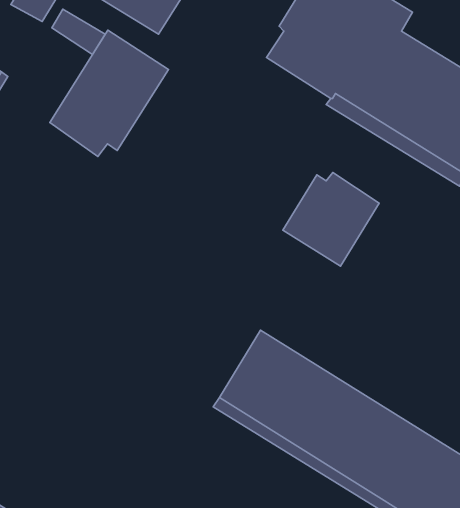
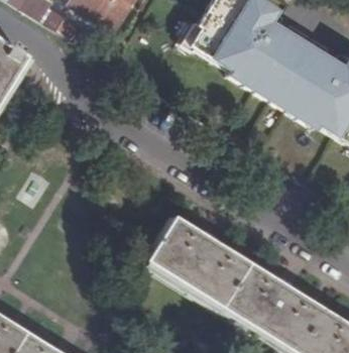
building: [50,30,168,156] -> none
building: [283,172,379,266] -> none

